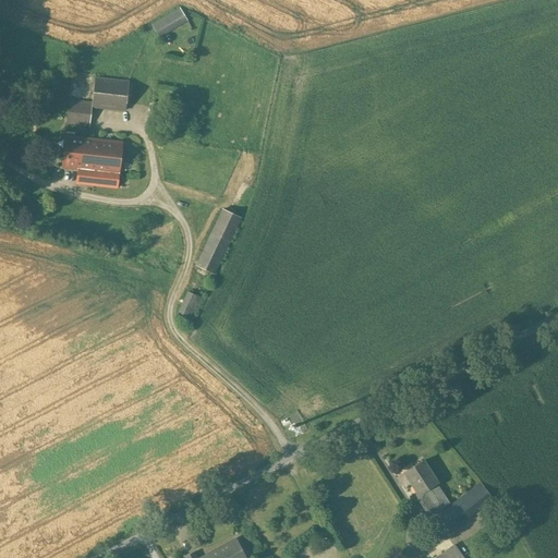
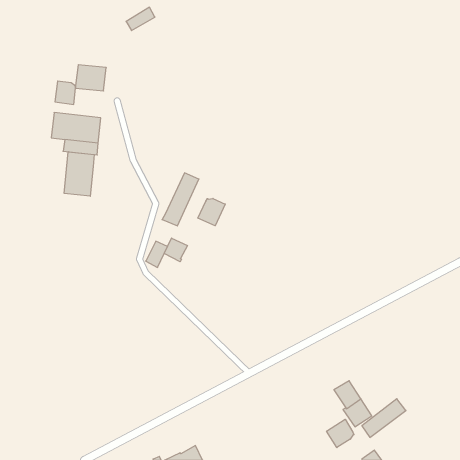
building: none -> [64,152,94,196]
building: none -> [198,198,225,226]
building: none -> [164,238,187,262]
building: none -> [327,419,354,448]

